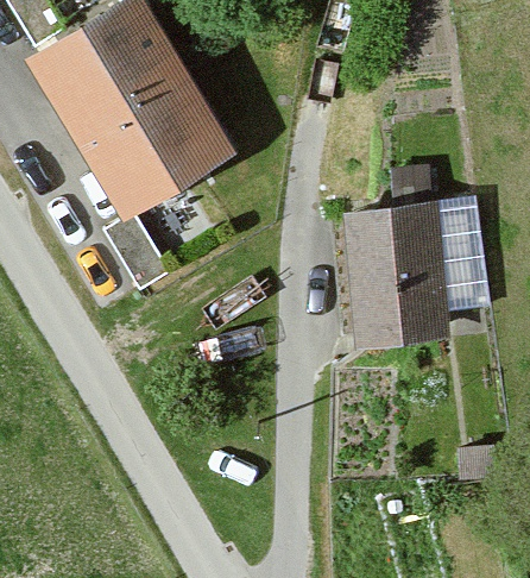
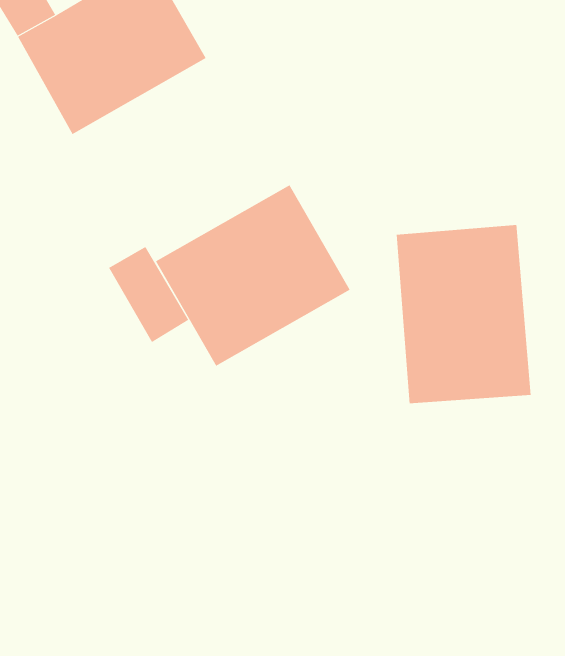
building: [77,67,238,216] -> [155,184,350,367]

